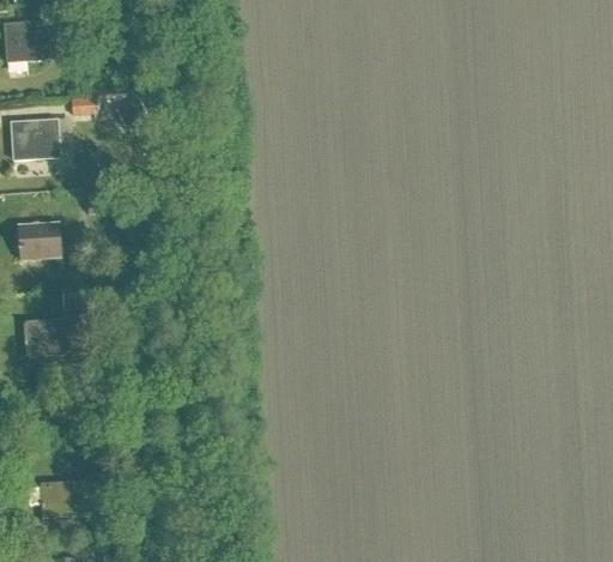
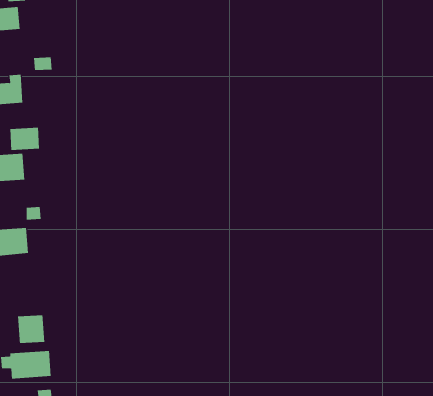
building: none -> [10,127,40,151]
building: none -> [18,314,45,344]

